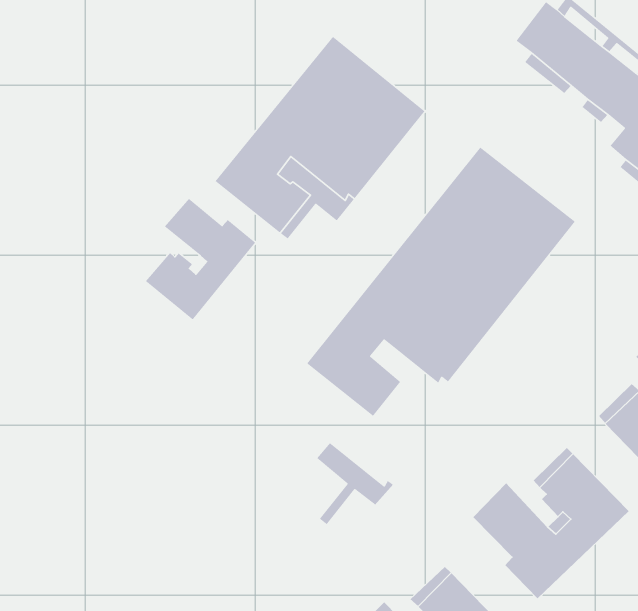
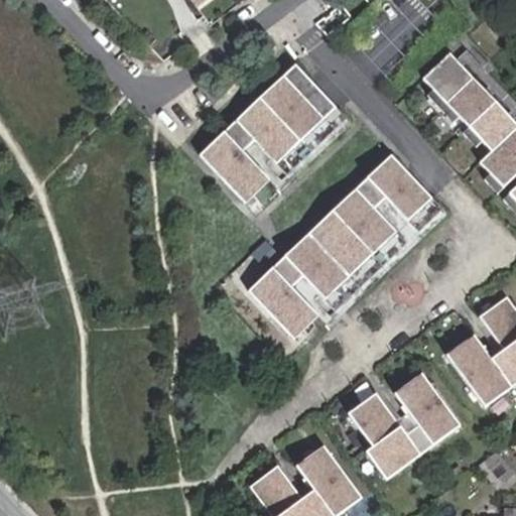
building: [145,198,256,321] -> none
building: [316,442,394,525] -> [287,279,344,338]

